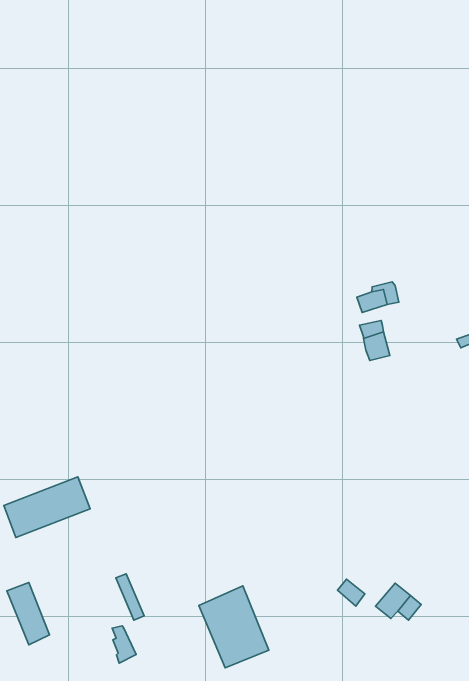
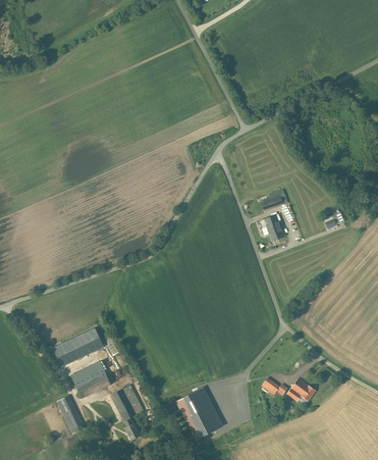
building: none -> [70,360,111,397]
building: none -> [110,388,137,419]

